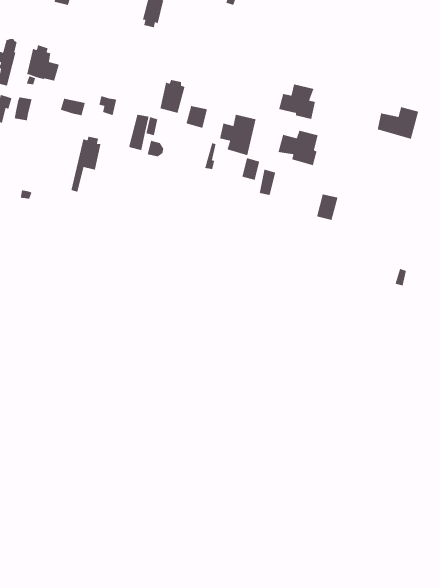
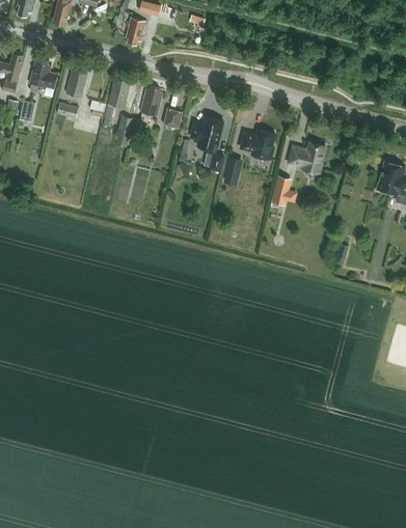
building: none -> [66,67,87,98]
building: [278,84,316,120] -> none
building: [377,106,419,140] -> [290,142,325,170]
building: [70,136,102,193] -> [104,79,130,127]

